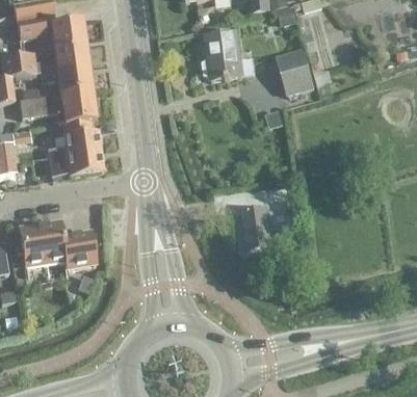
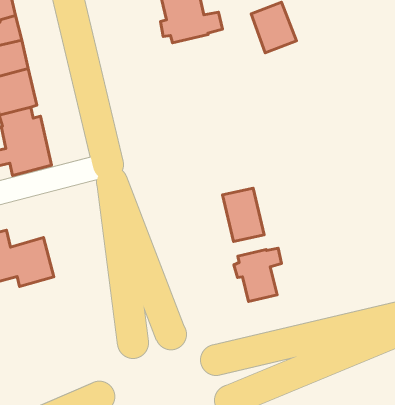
building: none -> [234,248,282,302]

